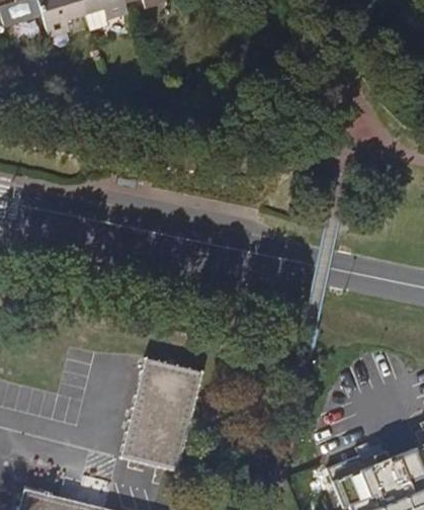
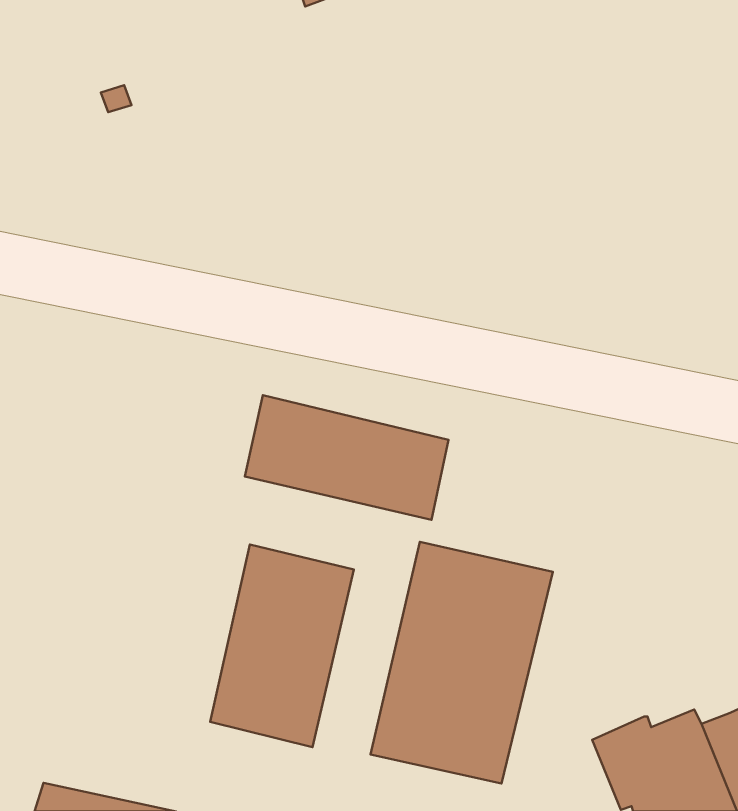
building: none -> [245,395,449,520]
building: none -> [370,542,553,783]

